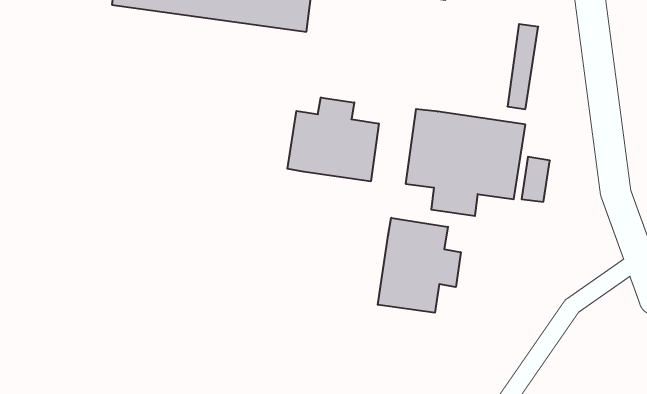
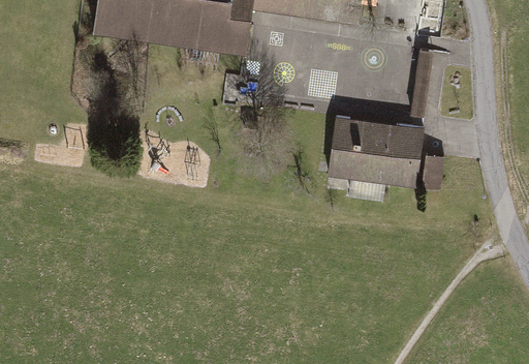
building: [287,97,379,181] -> none
building: [378,218,461,313] -> none

